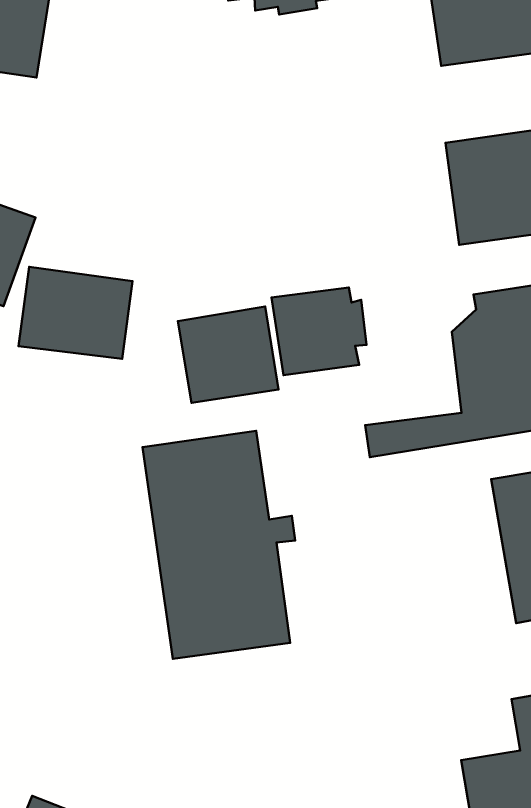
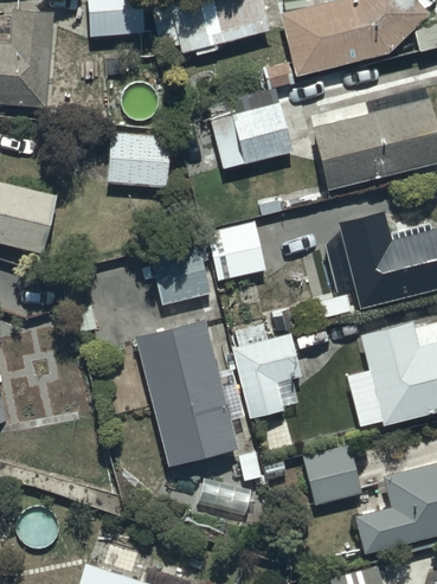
building: none -> [207,96,295,168]
building: [19,267,133,359] -> [107,133,175,186]
building: none -> [233,334,306,416]
building: none -> [303,444,364,507]

